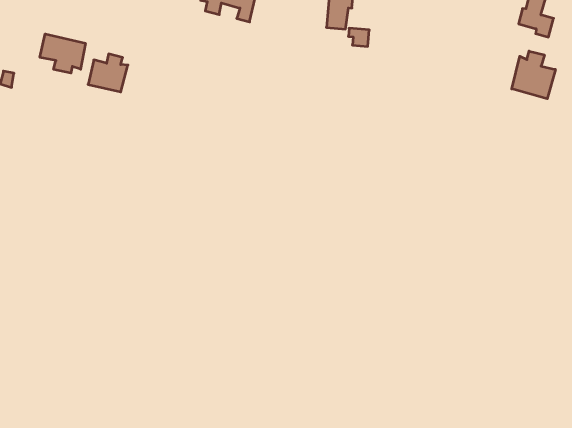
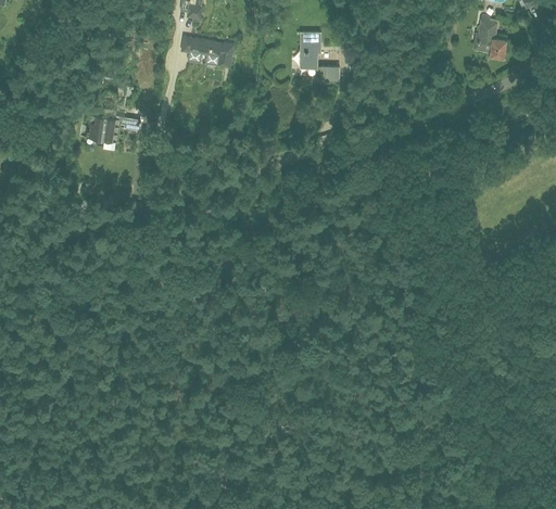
building: [40,34,85,73] -> none
building: [512,51,555,99] -> none

